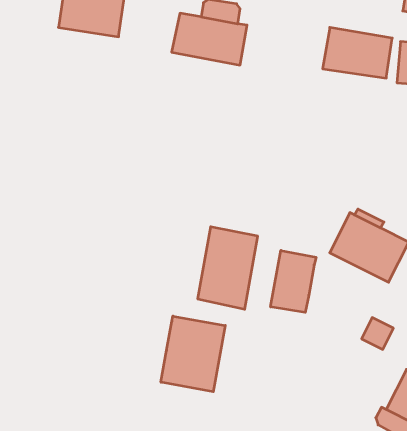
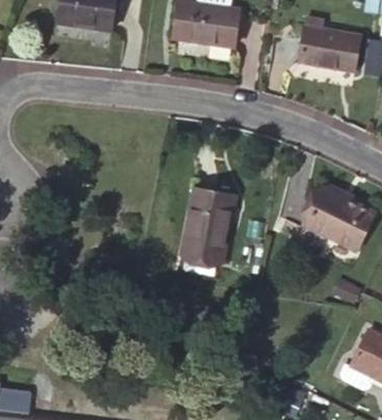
building: [271,250,316,312] -> none
building: [161,316,225,392] -> none

